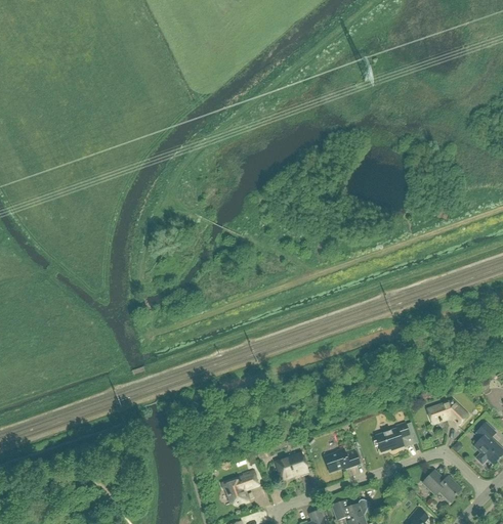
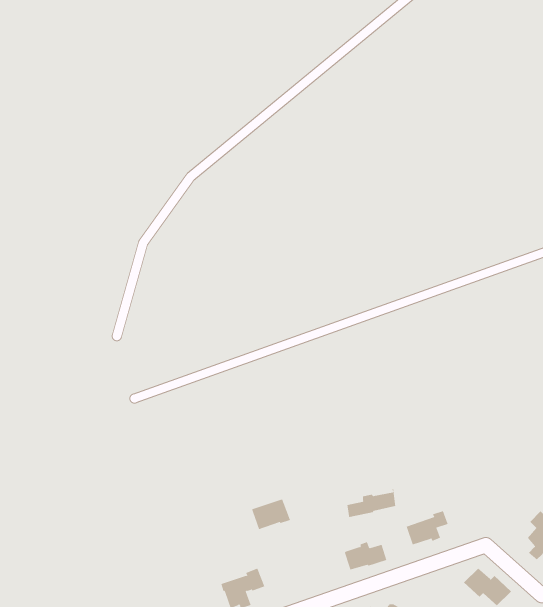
building: [427,400,468,427] -> none
building: none -> [347,488,396,518]
building: [275,449,308,479] -> [250,494,291,530]

